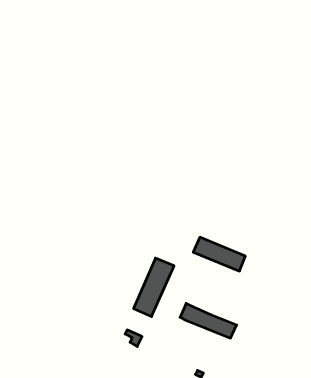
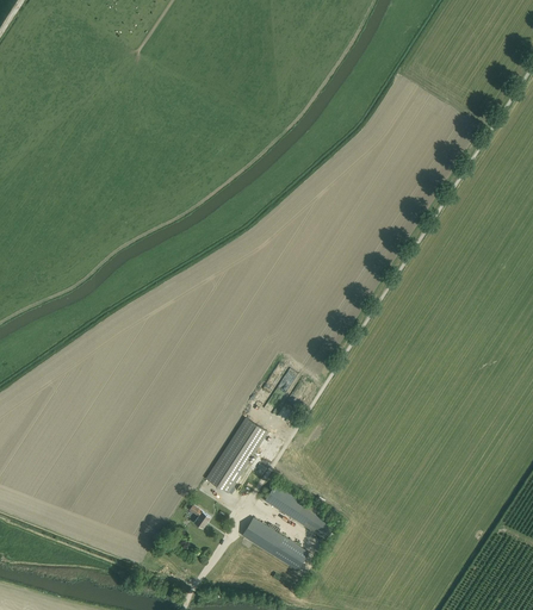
building: [193,237,245,271] -> [241,517,308,569]

